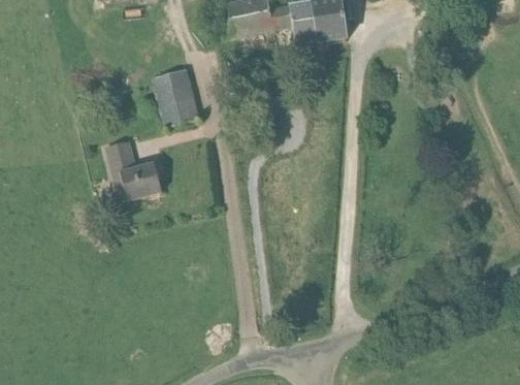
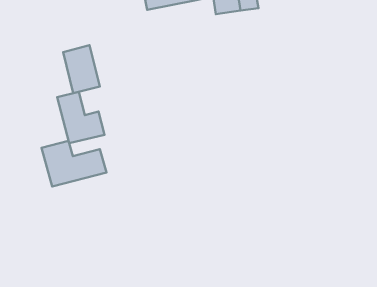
building: [153,67,197,125] -> [63,45,100,93]
building: none -> [42,141,106,187]

